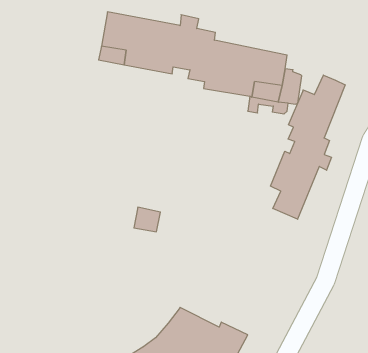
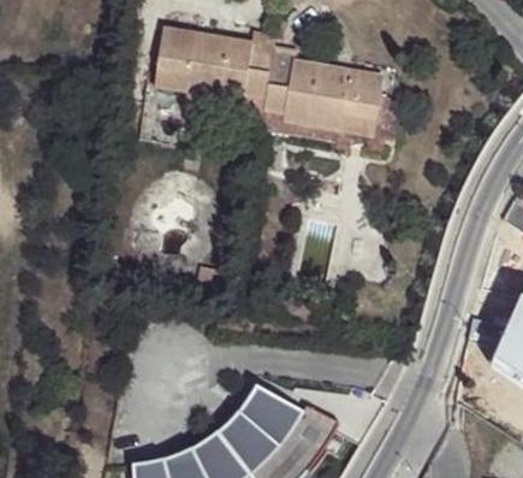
building: [270,75,345,219] -> none

